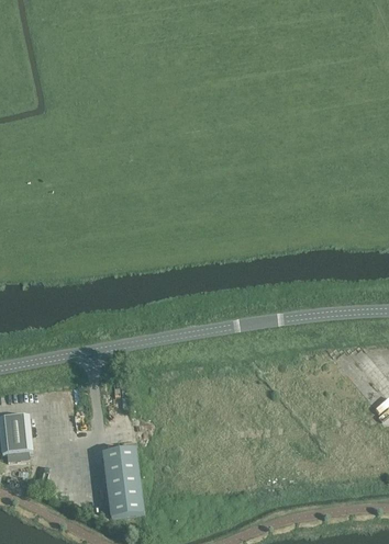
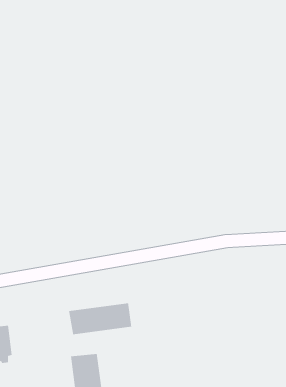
building: none -> [69,303,132,335]

